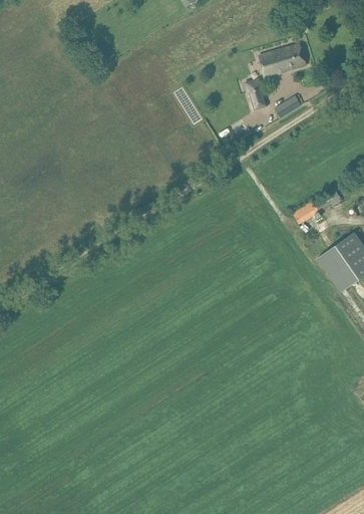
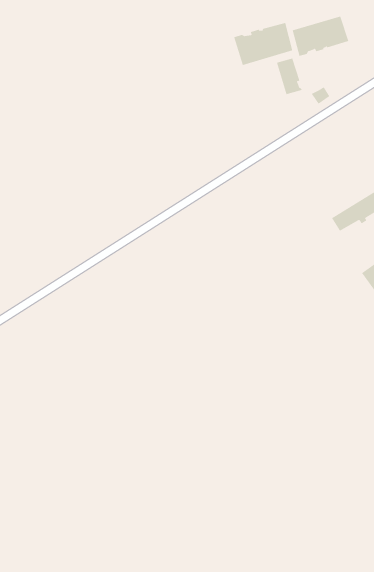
building: none -> [233,22,293,66]

